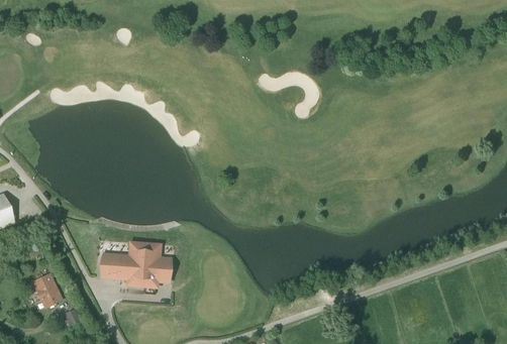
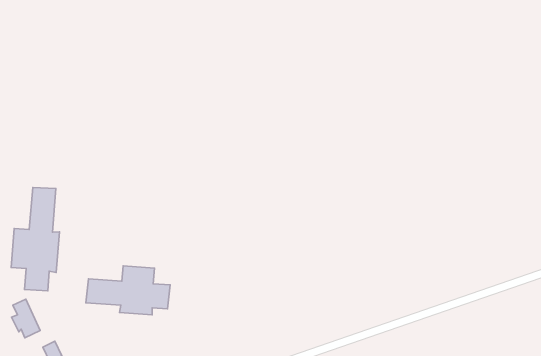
building: none -> [11,187,59,291]

